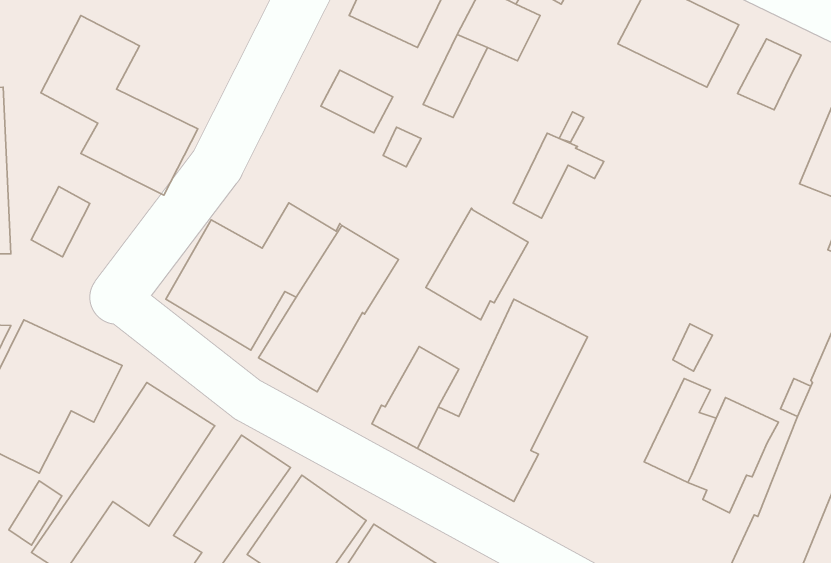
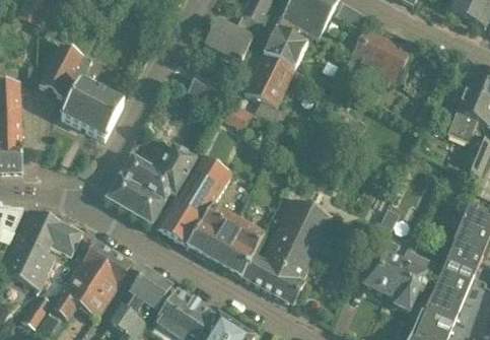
building: [737,39,801,110] -> none
building: [513,133,604,218] -> [261,60,309,106]
building: [31,186,90,257] -> none
building: [426,208,528,320] -> [188,202,242,262]

